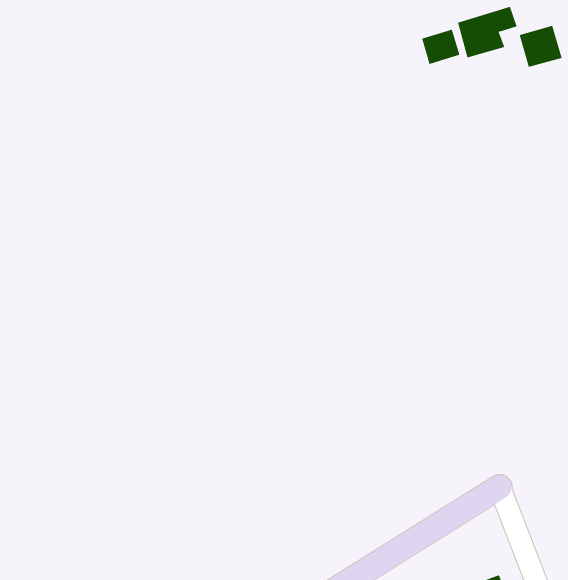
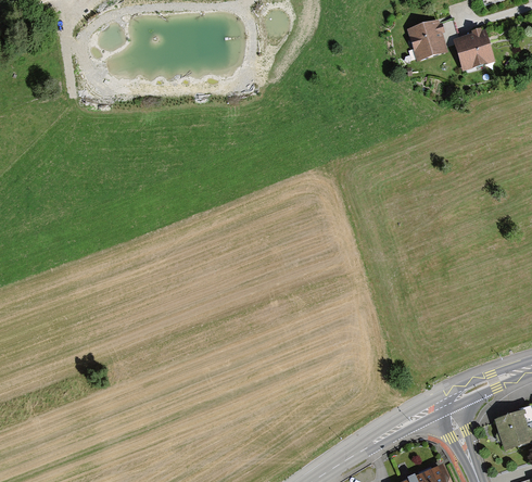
building: [421,29,460,65] -> none

